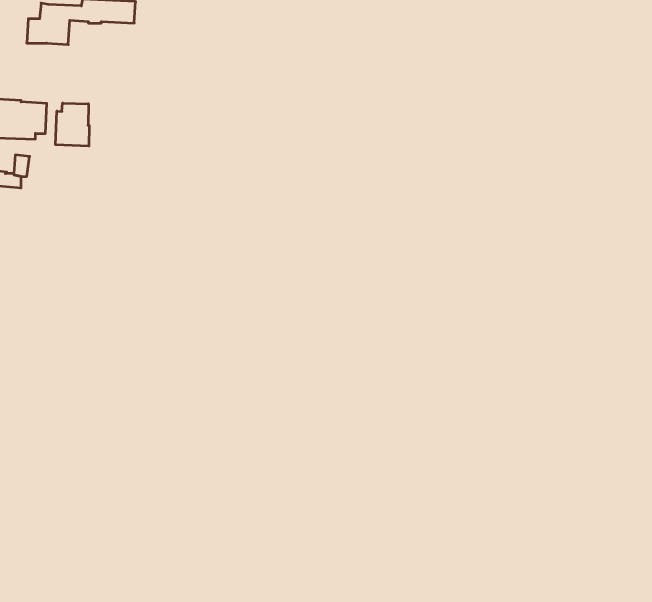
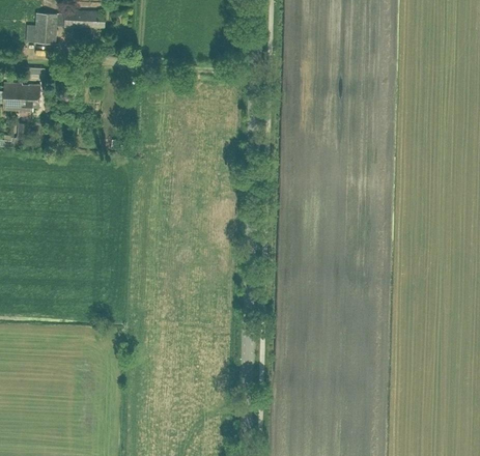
building: [56,103,89,146] -> none

